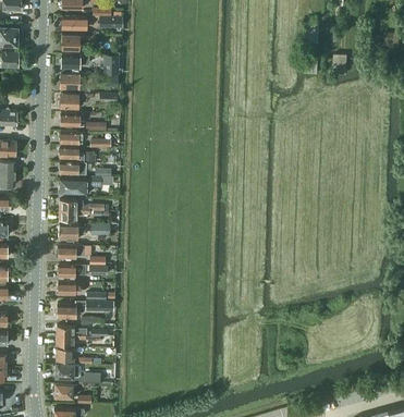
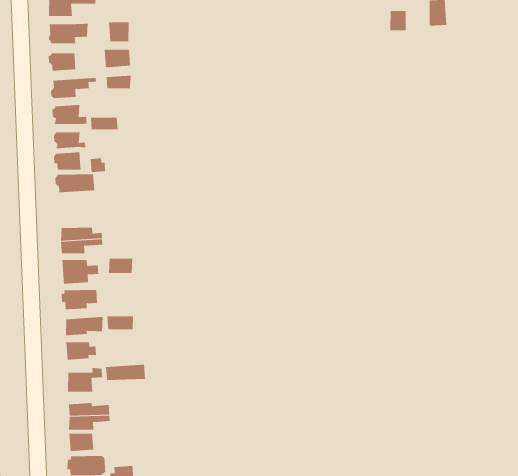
building: [58,175,101,193] -> none

